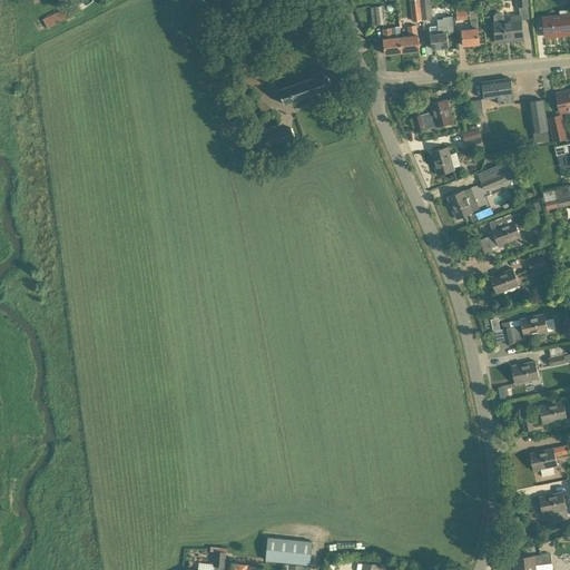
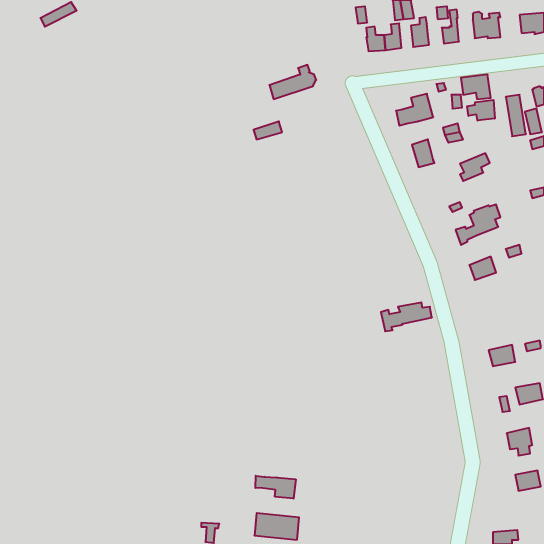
building: none -> [467,100,495,121]
building: [448,187,480,219] -> none
building: [502,314,556,344] -> [381,302,432,331]
building: none -> [255,476,296,499]

